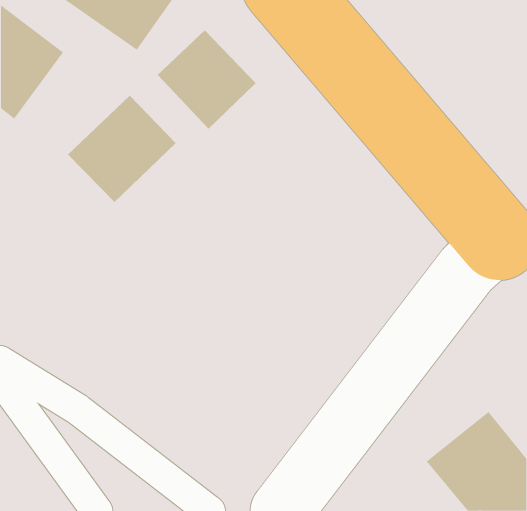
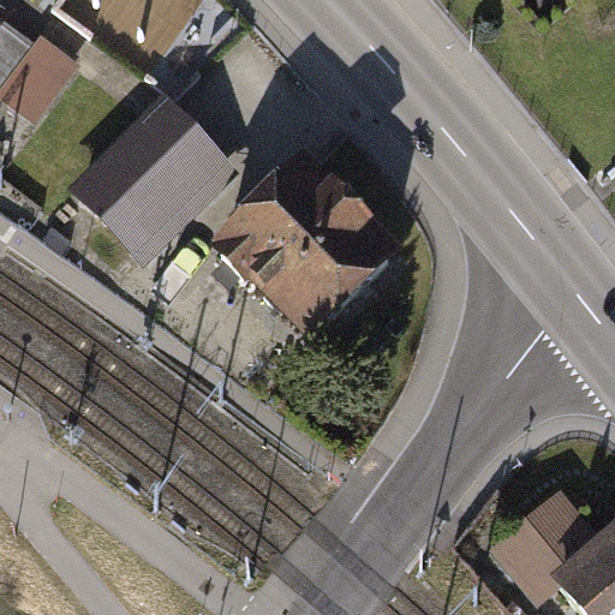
building: [157,29,256,130] -> none
building: none -> [219,157,404,342]

